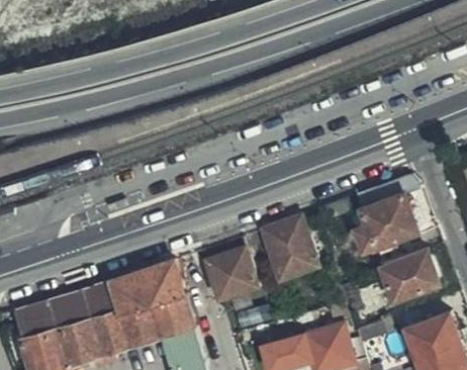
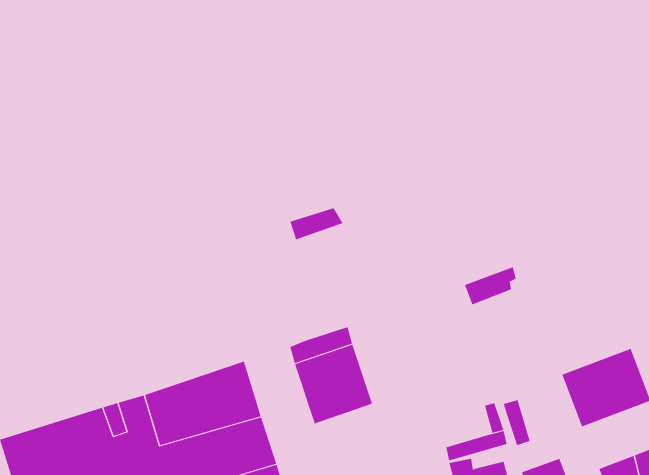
building: [355,176,418,250] -> none
building: [261,216,316,281] -> none

